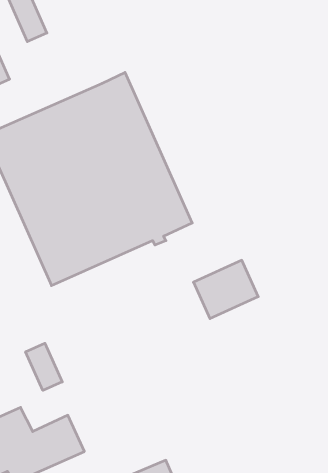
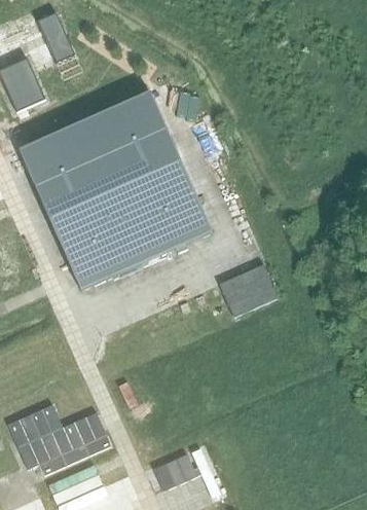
building: [26,343,62,390] -> none

